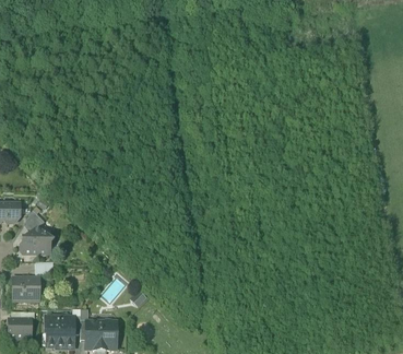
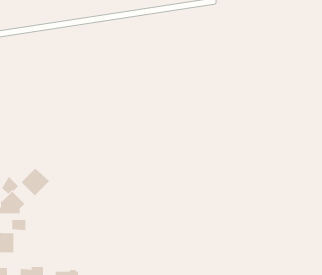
building: none -> [21,168,50,196]

